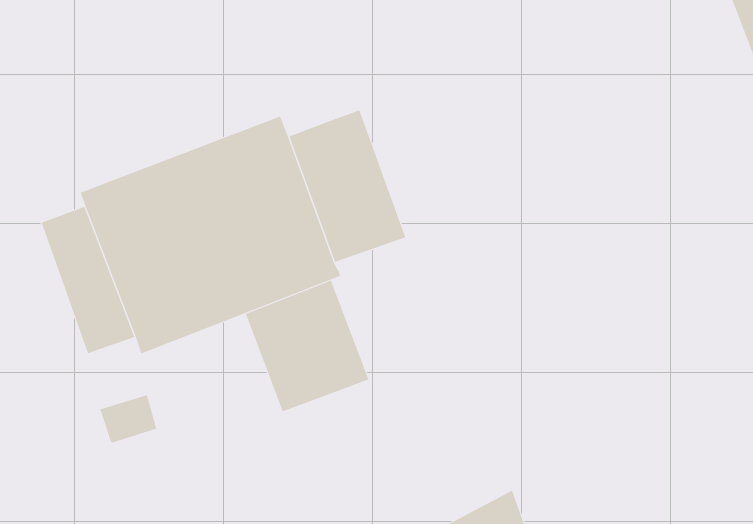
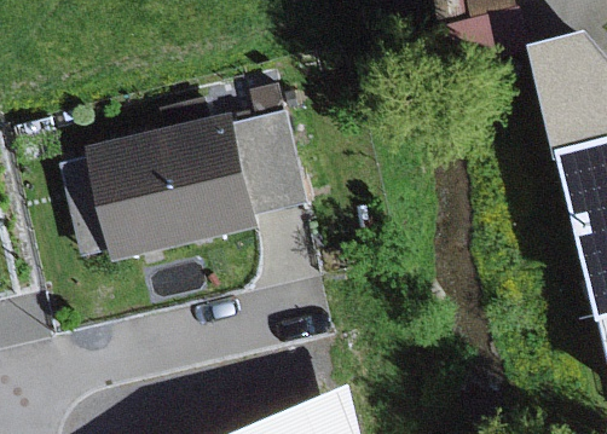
building: [245,280,369,412] -> none

